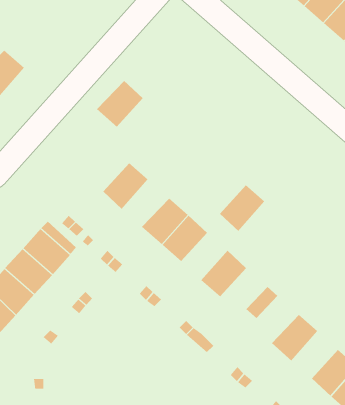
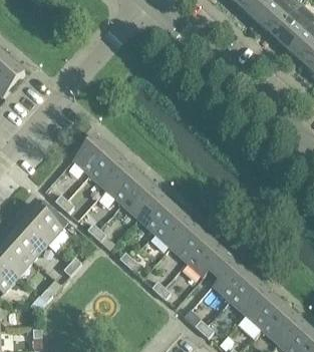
building: [96,80,143,127] -> [72,134,111,173]
building: none -> [105,163,144,203]
building: [219,185,265,232] -> [154,208,193,247]
building: none -> [187,237,226,276]
building: none -> [213,260,252,299]
building: none -> [246,289,284,328]

